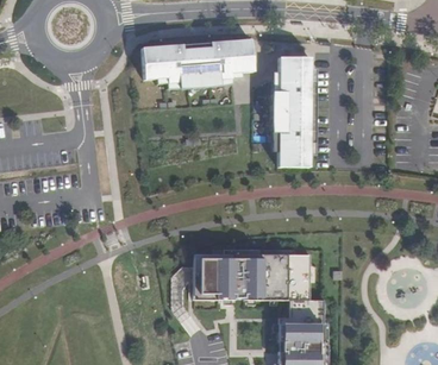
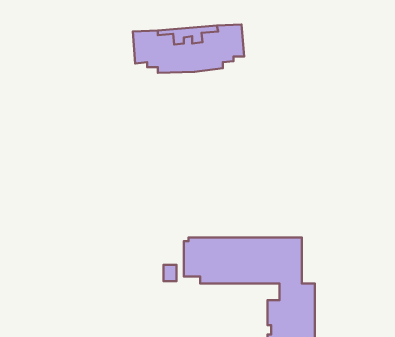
building: [271,56,311,165] -> none

